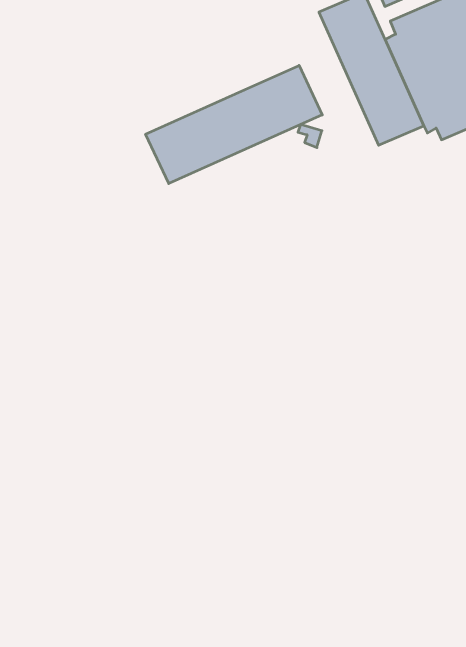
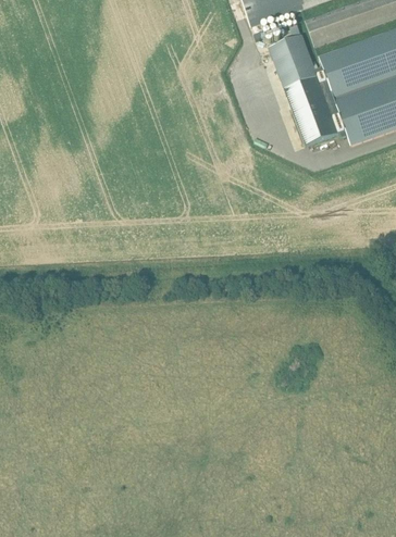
building: [146,65,322,184] -> none

